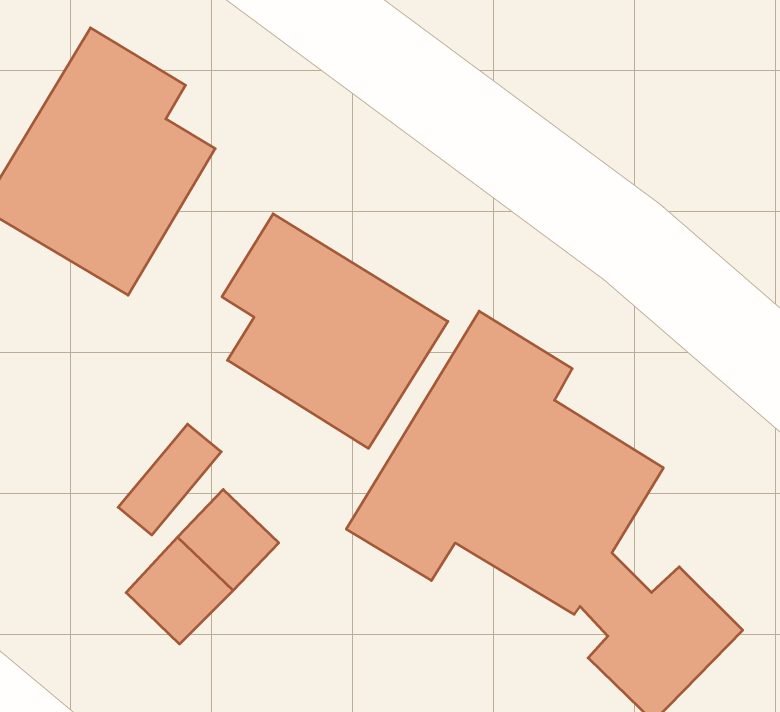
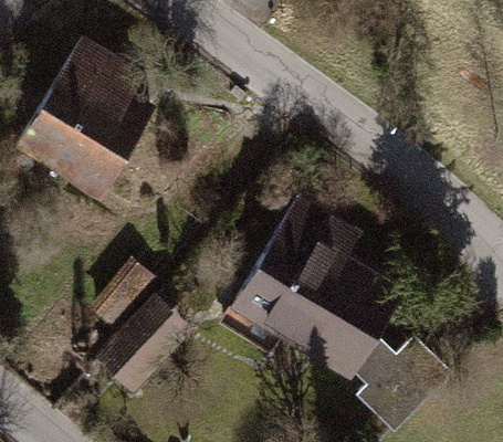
building: [222,214,448,448] -> none

